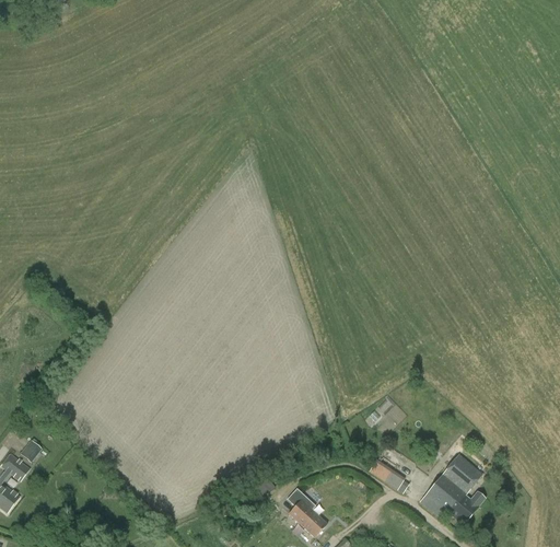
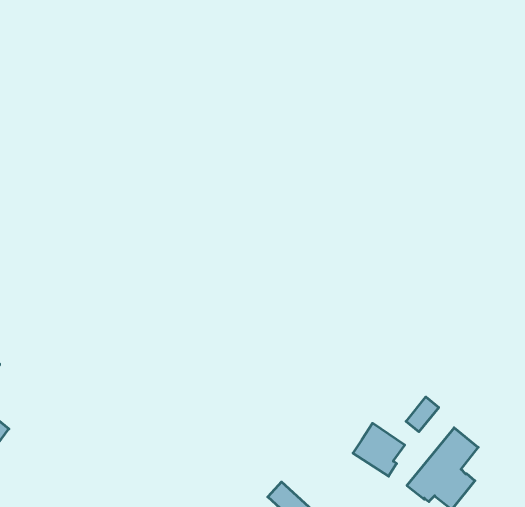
building: none -> [406,397,439,432]

